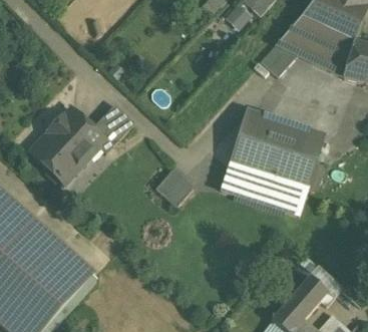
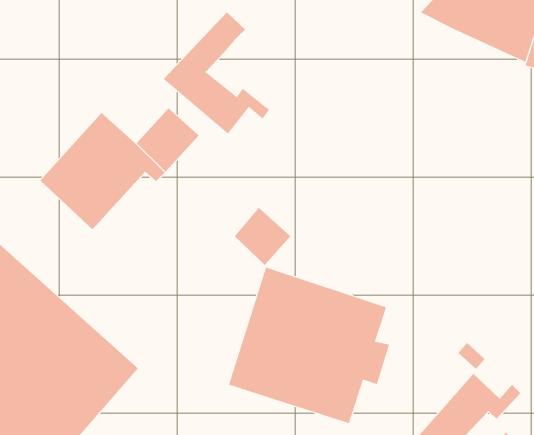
building: none -> [163,11,270,135]
building: [261,42,298,75] -> none
building: [221,112,325,214] -> [228,267,390,424]

